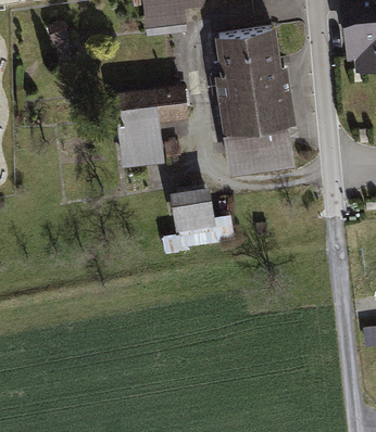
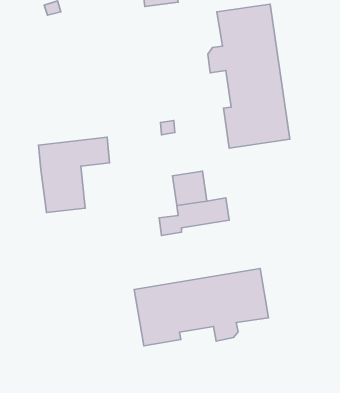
building: [117,89,187,163] -> [39,137,109,213]
building: none -> [134,268,268,346]

